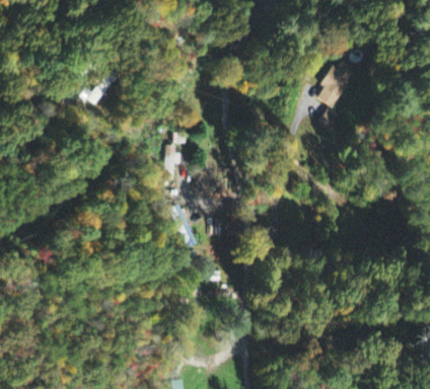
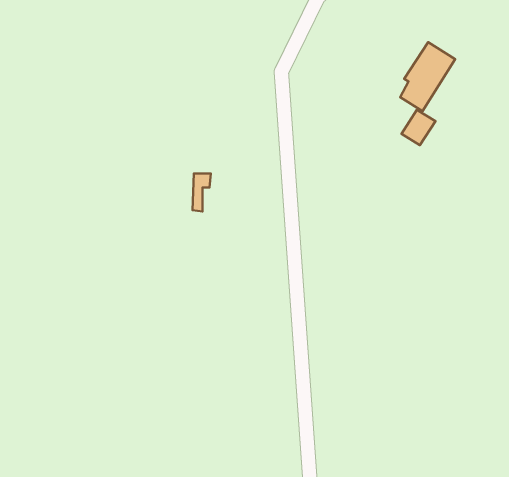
building: [79,72,114,106] -> none

